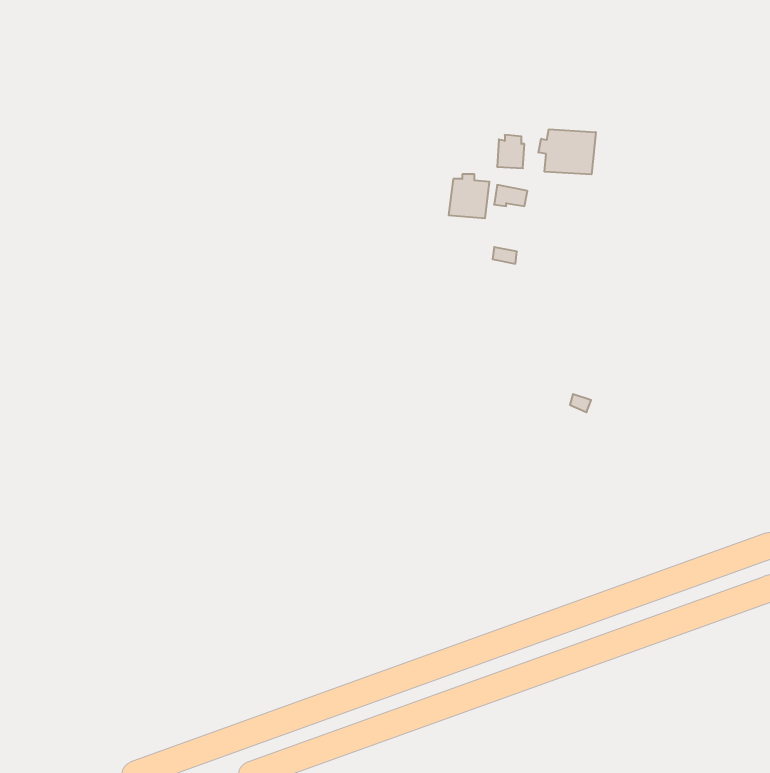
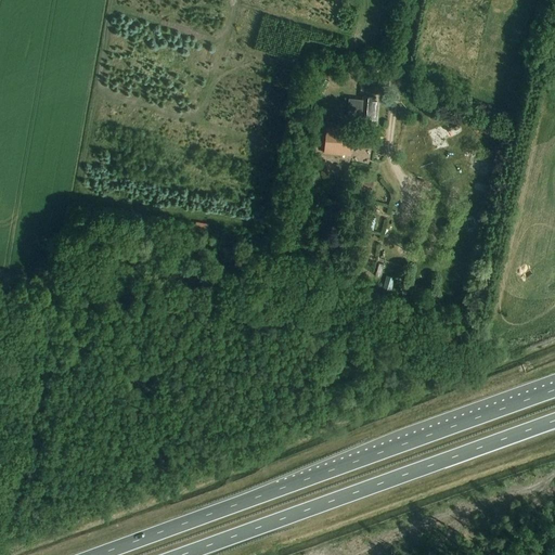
building: [538,129,596,174] -> none

